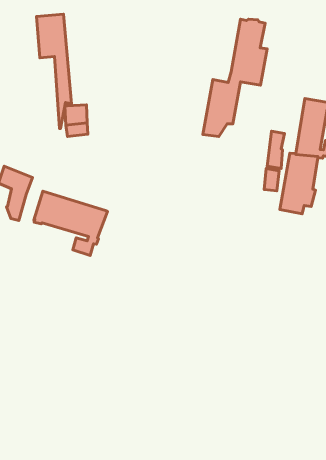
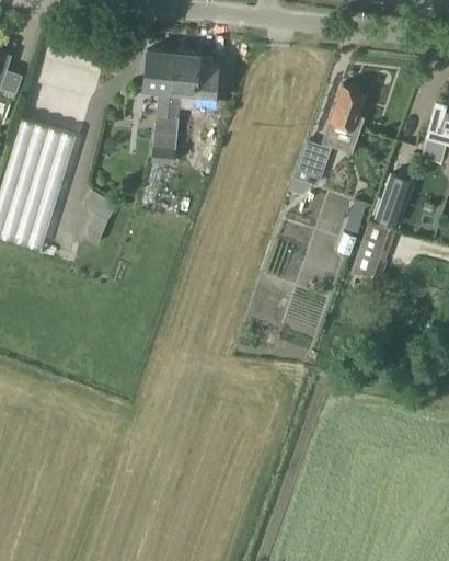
building: none -> [170,51,210,95]
building: [34,191,108,256] -> none

